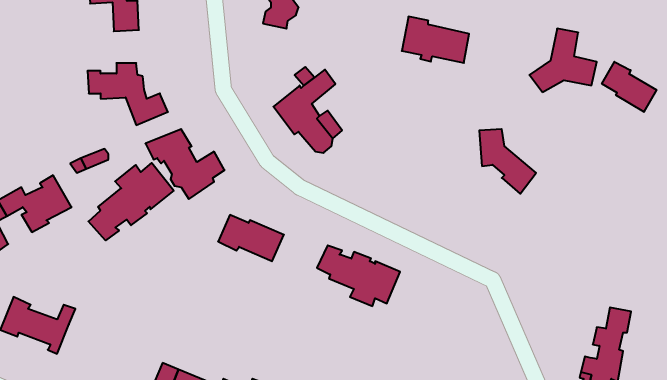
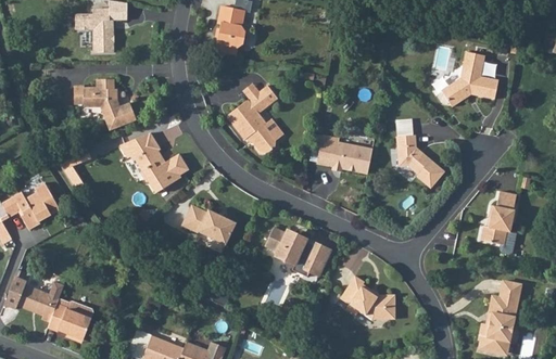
building: [402,17,469,63] -> [316,134,371,172]
building: [602,62,656,112] -> none
building: [88,163,174,240] -> none
building: none -> [485,191,520,255]
building: none -> [340,275,394,320]
building: none -> [48,296,92,336]

